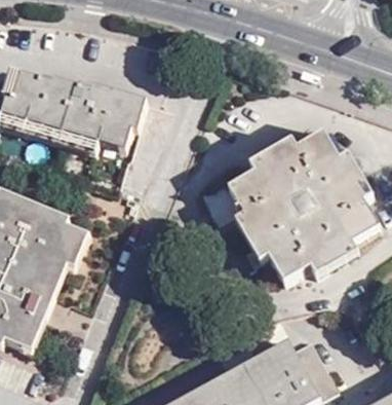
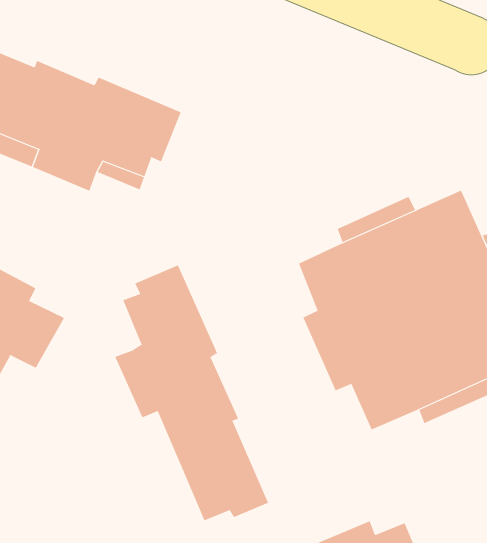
building: none -> [114,265,269,521]

